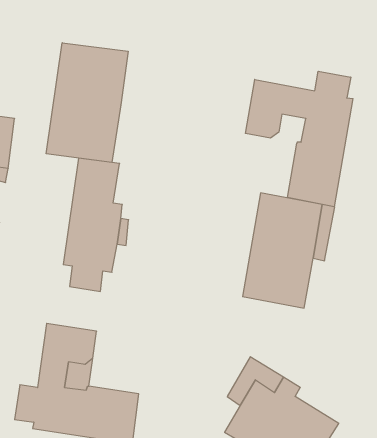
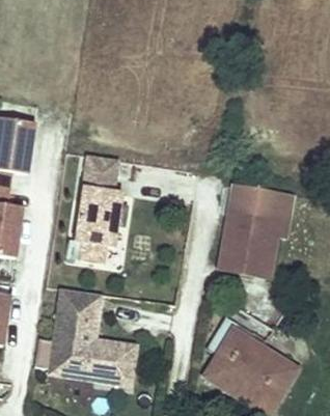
building: [46,43,128,162] -> none
building: [245,71,353,207] -> none

